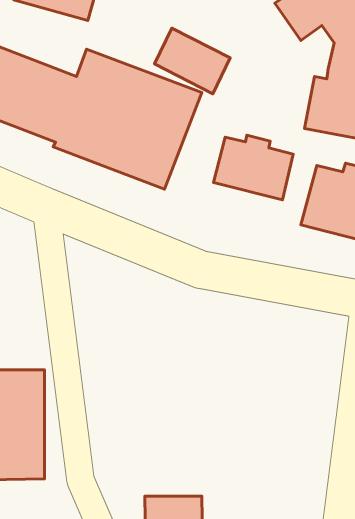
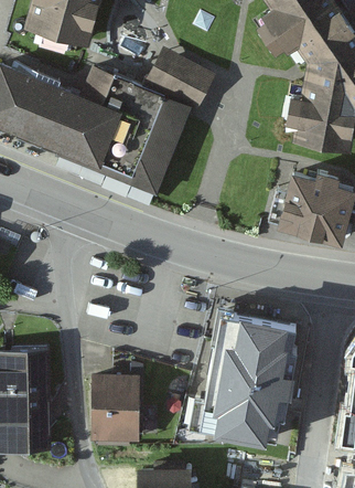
building: [213,135,293,200] -> none
building: none -> [201,309,299,436]
building: none -> [94,378,139,442]

